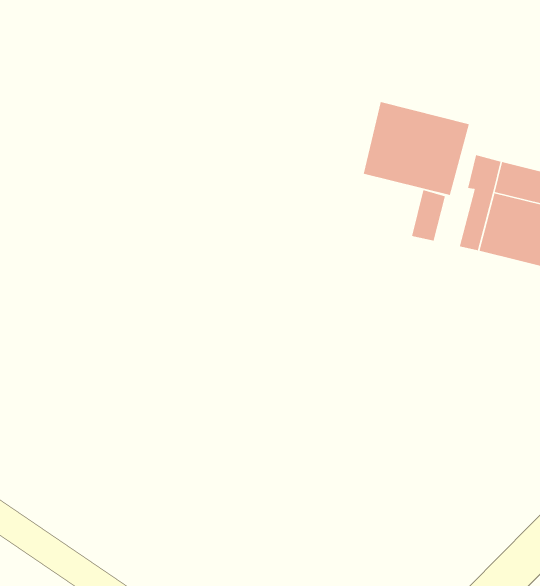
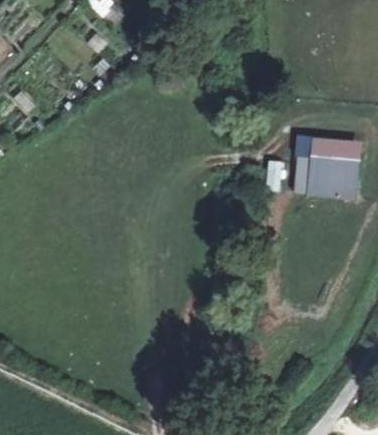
building: [363,101,470,196] -> none

